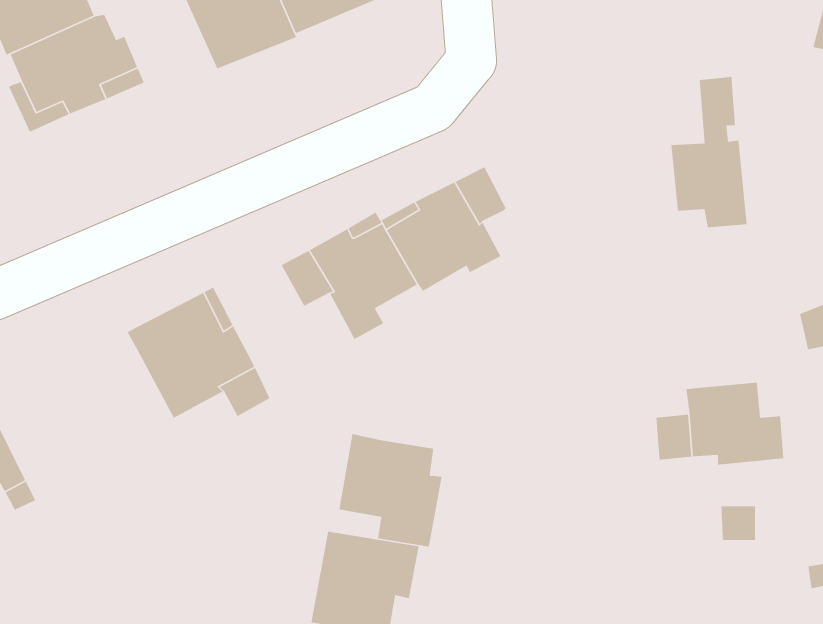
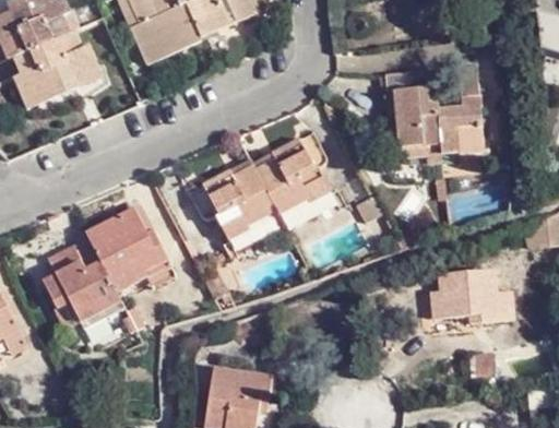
building: none -> [386,78,443,162]
building: none -> [39,246,122,332]
building: [338,433,443,547] -> none

